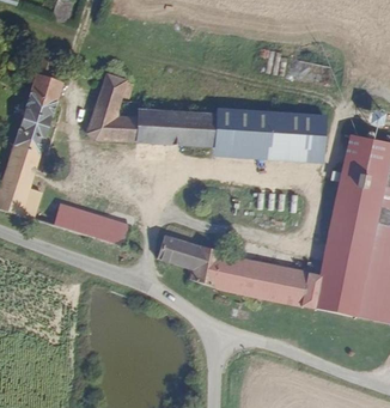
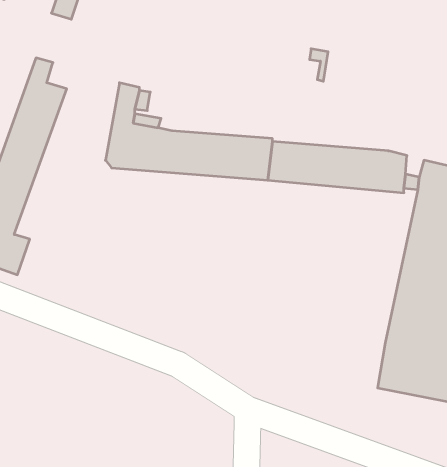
building: [56,211,128,249] -> none
building: [157,238,317,307] -> none

